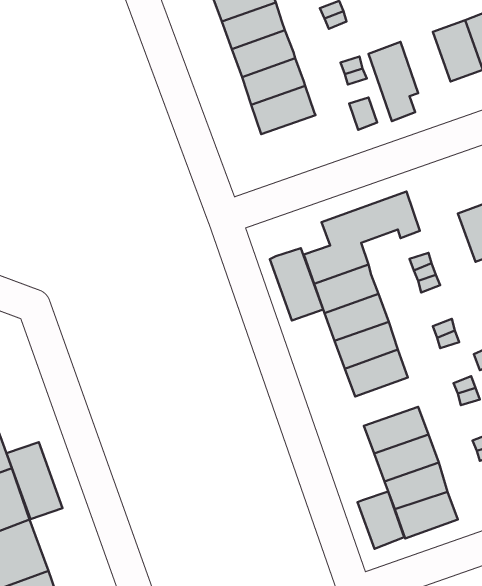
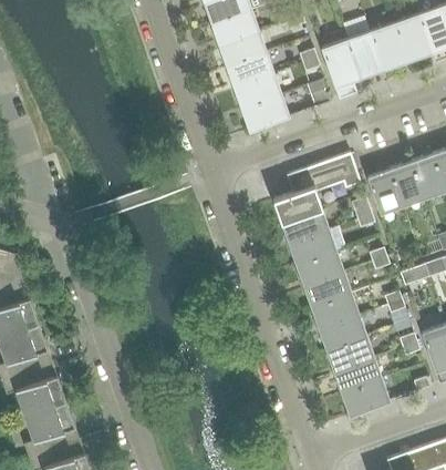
building: none -> [345,32,383,79]
building: none -> [240,95,289,132]
building: none -> [366,170,402,214]
building: [270,248,323,321] -> none
building: none -> [311,294,359,330]
building: [6,442,63,519] -> none
building: [358,491,404,549] -> none

